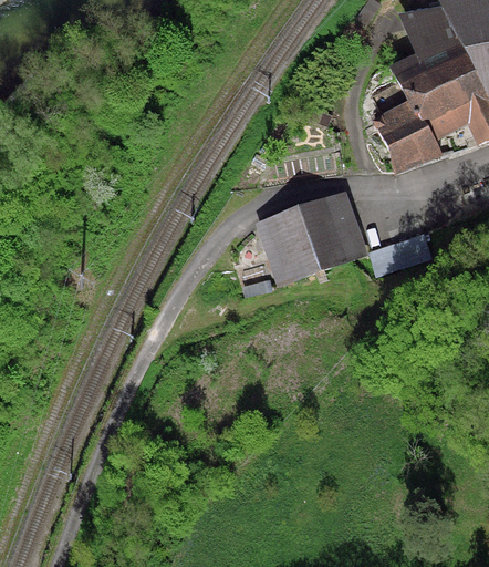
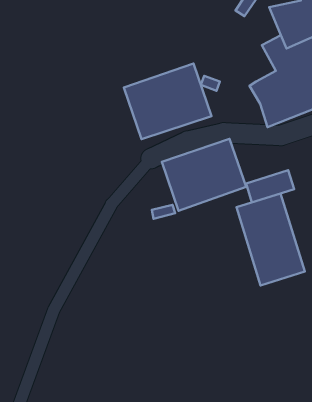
building: none -> [124,64,211,139]
building: none -> [237,194,305,286]

